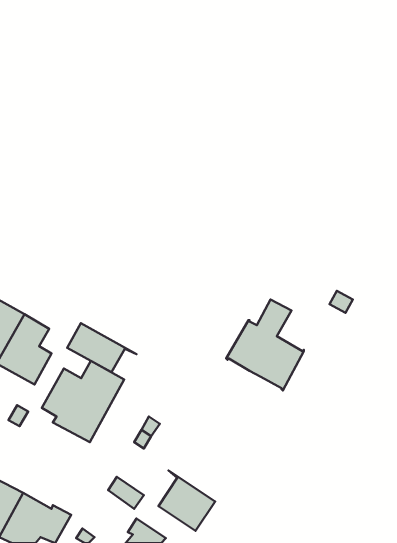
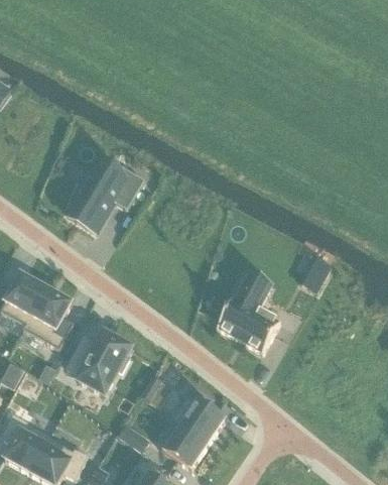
building: none -> [62,156,144,233]
building: [67,323,137,372] -> none
building: none -> [168,392,223,443]

